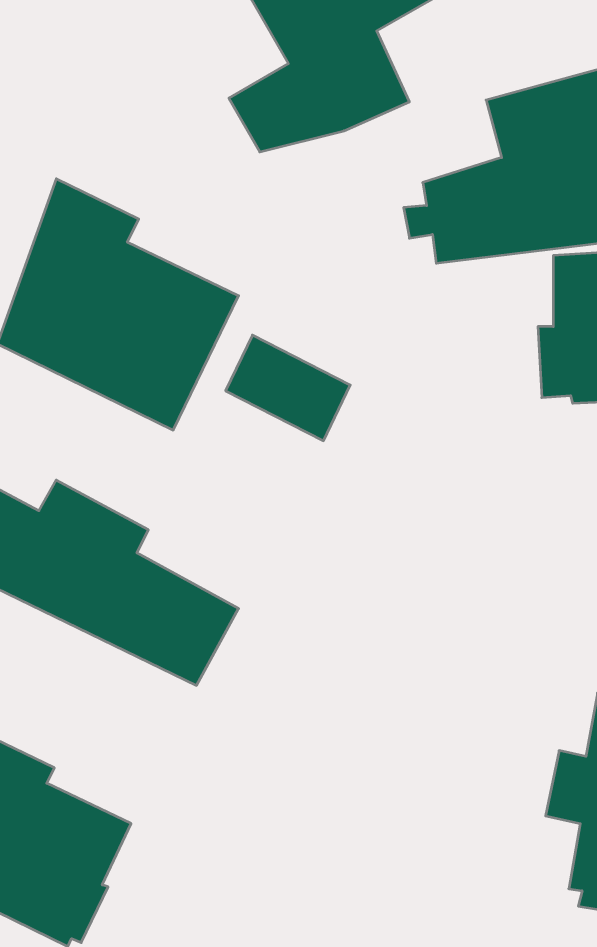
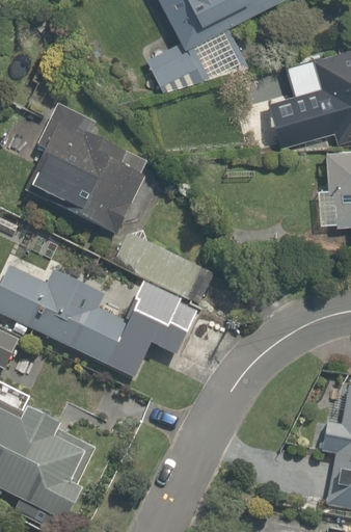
building: [226,335,350,441] -> [132,276,199,334]

